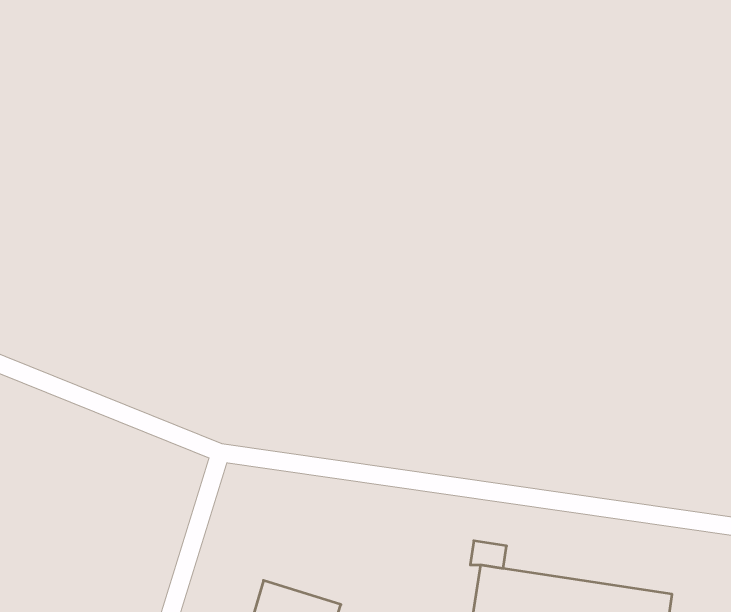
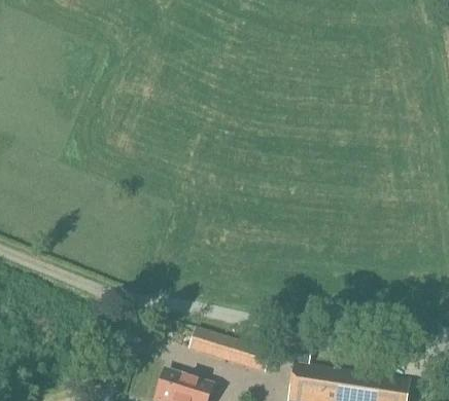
building: none -> [189,328,270,370]

